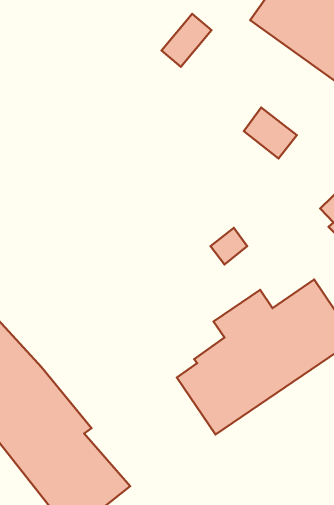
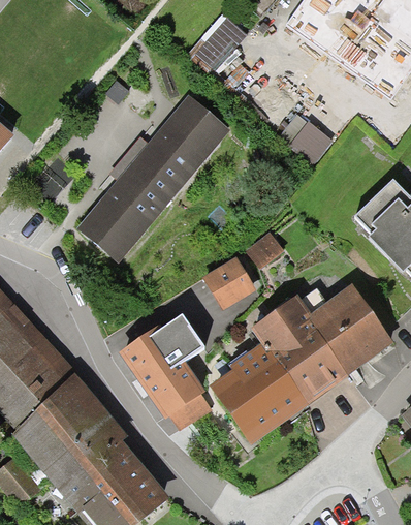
building: none -> [77,93,229,260]
building: none -> [203,259,256,311]
building: none -> [121,317,209,430]

